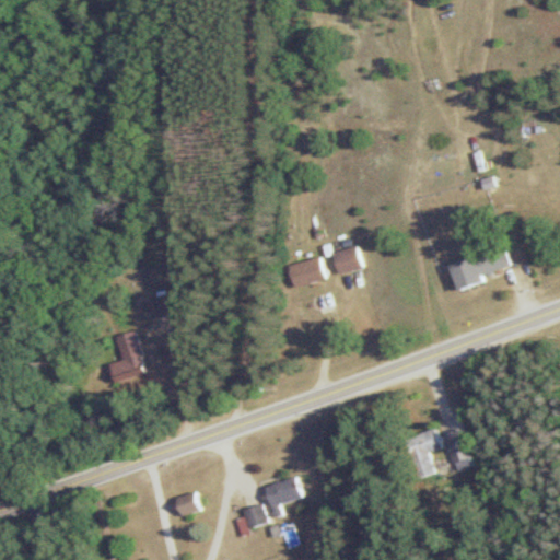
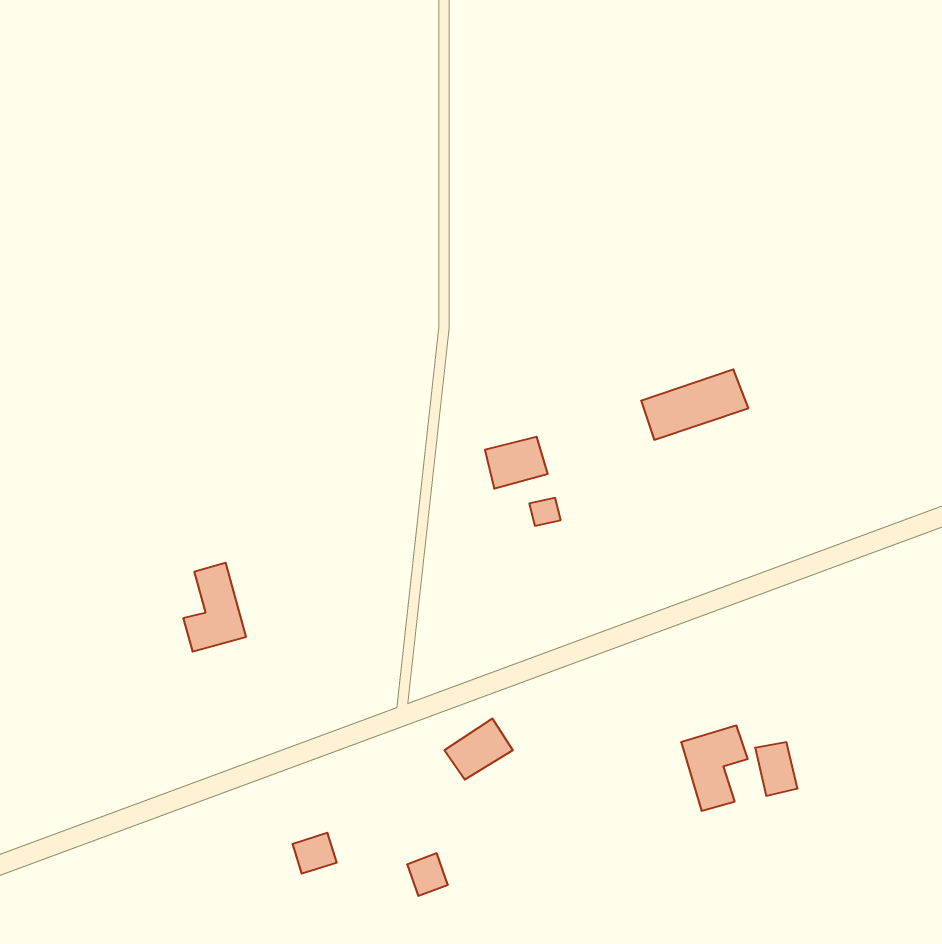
building: [331,247,362,276] -> none
building: [446,247,510,289] -> [641,369,748,440]
building: [262,475,303,511] -> [444,719,513,780]

